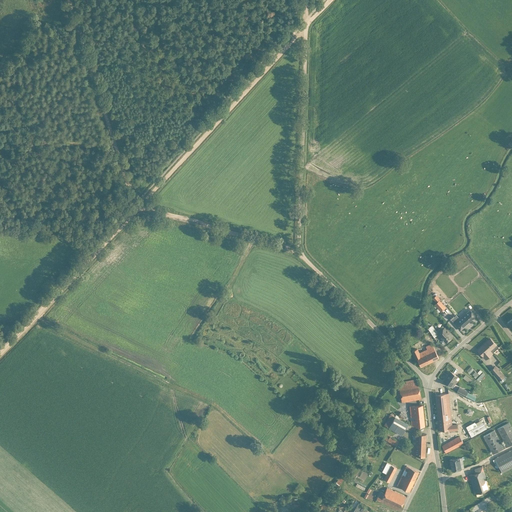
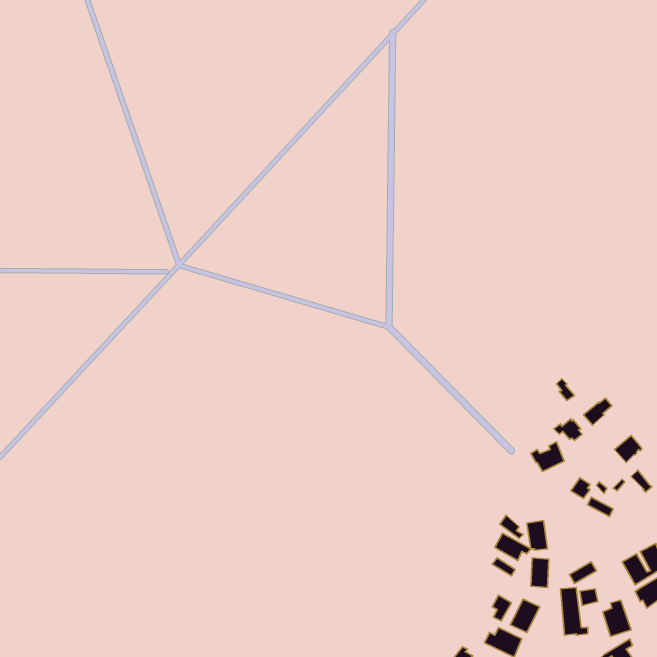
building: [396,380,422,403] -> none
building: [437,394,458,431] -> [561,587,588,635]

